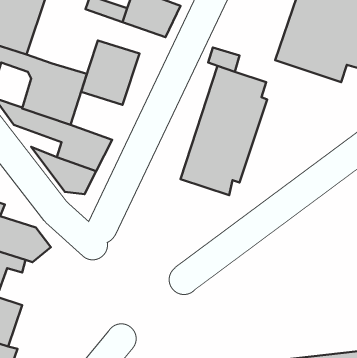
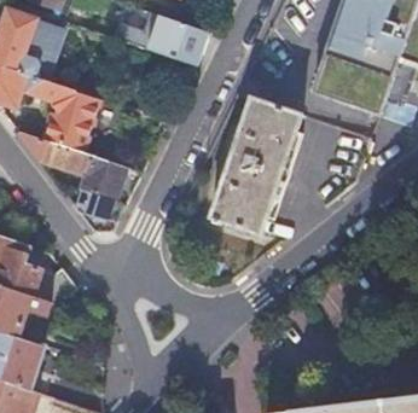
building: [81,40,139,105] -> none

